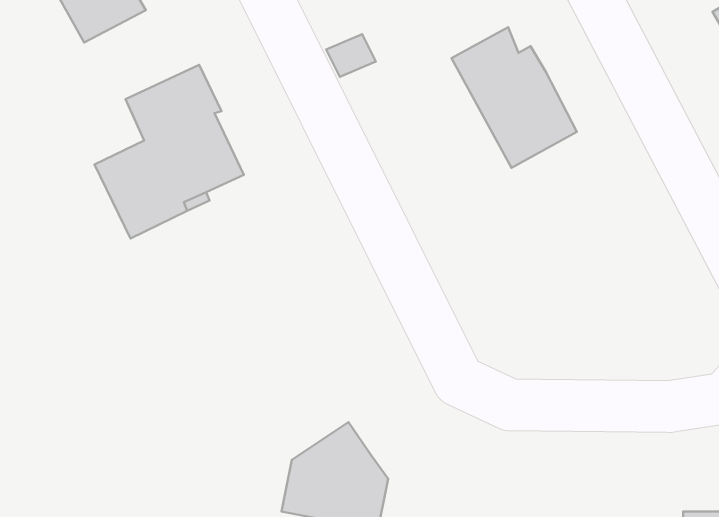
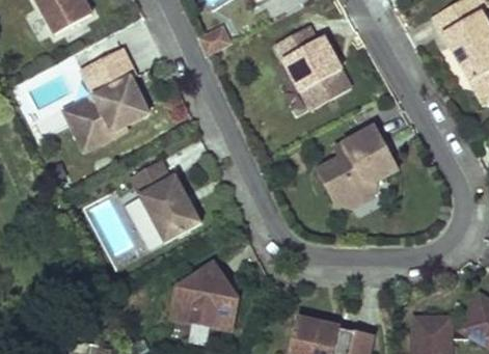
building: none -> [317,124,399,206]
building: none -> [130,158,201,241]

